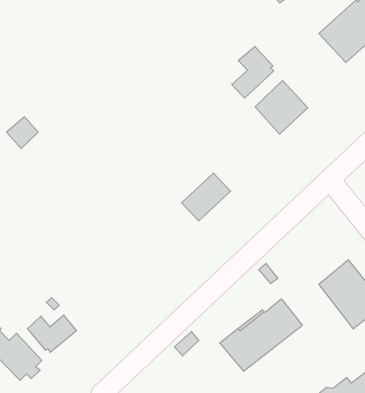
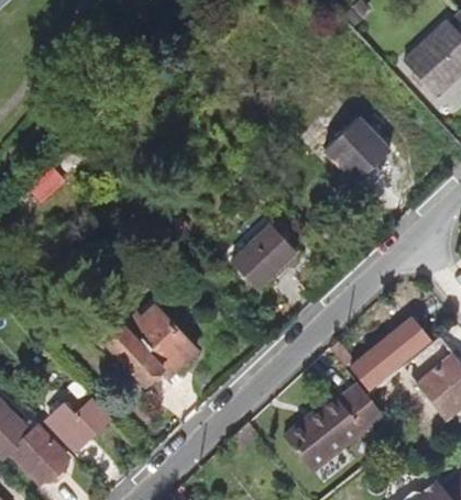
building: [232,46,274,98] -> none
building: none -> [105,307,197,385]
building: none -> [349,315,432,390]

